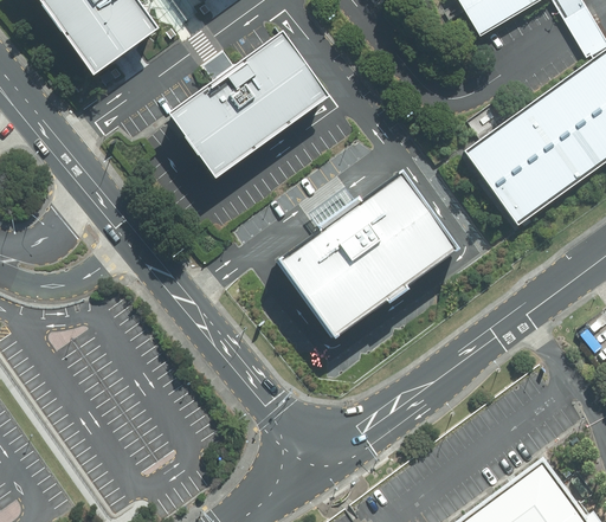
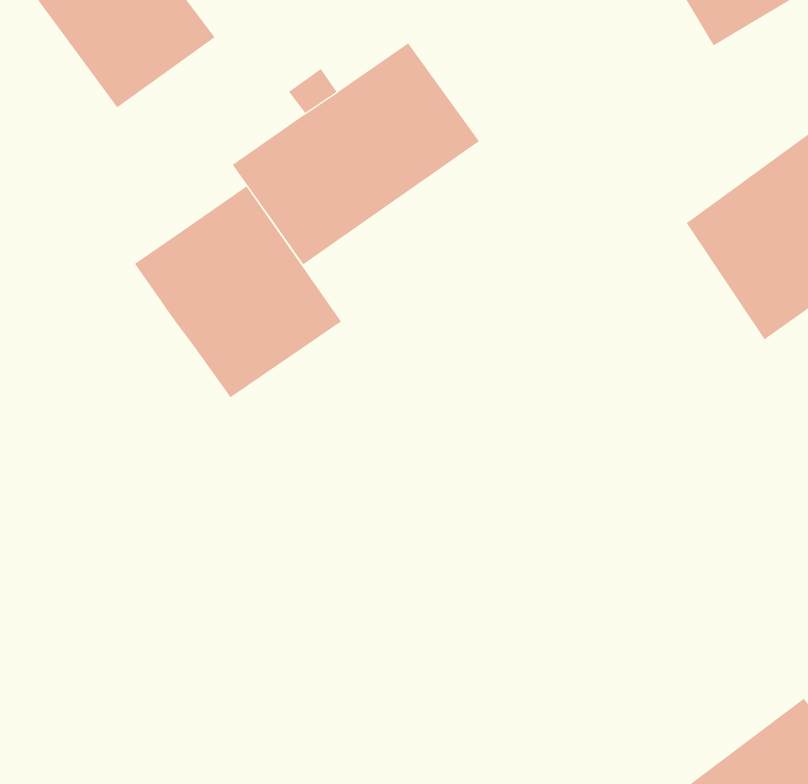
building: none -> [134,185,342,398]
building: [278,173,460,340] -> none

